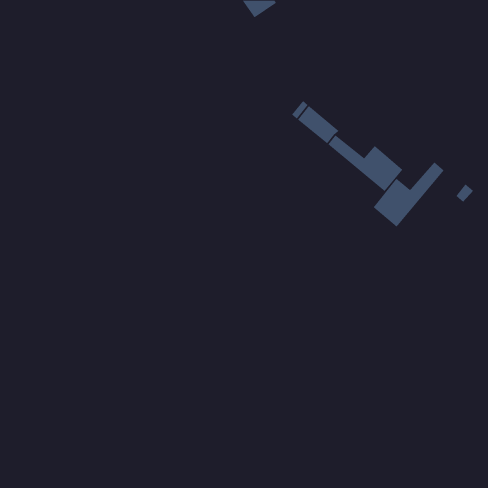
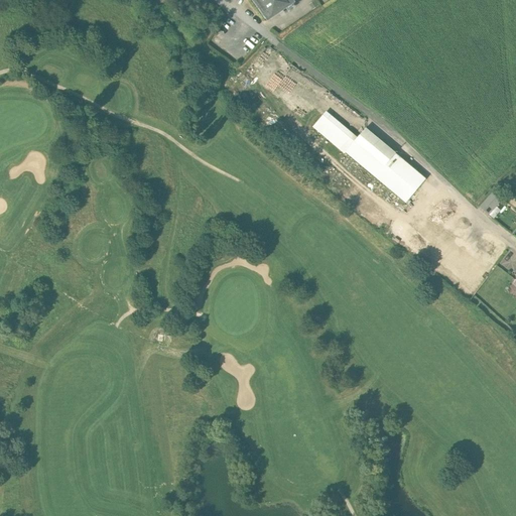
building: none -> [354,129,395,166]
building: [373,161,444,227] -> none

